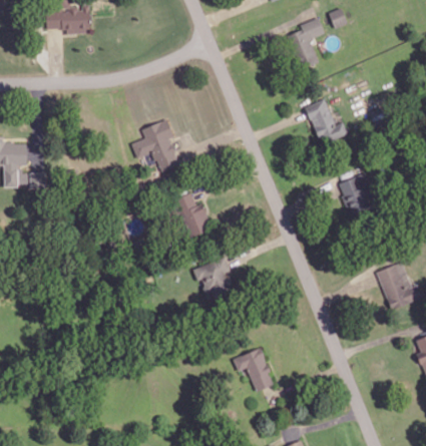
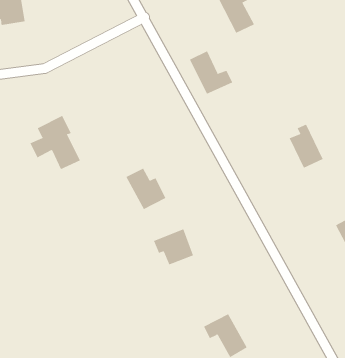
building: [306,98,347,142] -> [189,50,233,95]
building: [130,118,179,172] -> [29,115,81,170]

